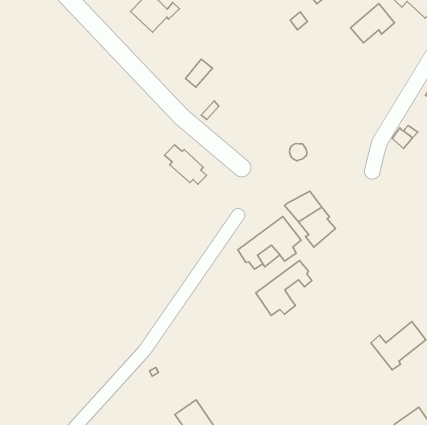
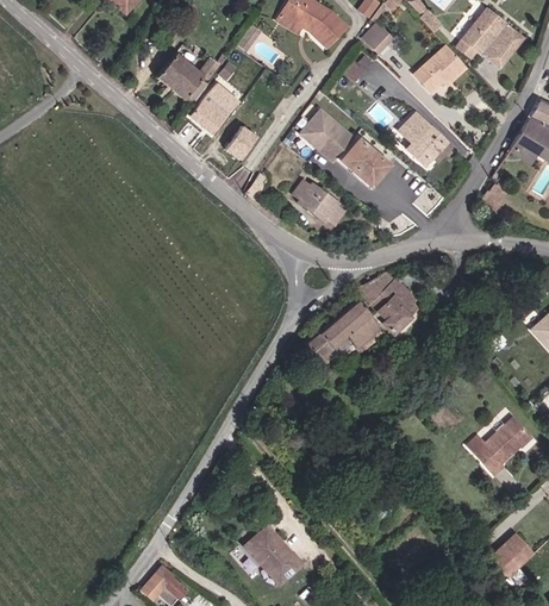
building: none -> [191,85,238,133]
building: none -> [302,111,391,187]
building: none -> [399,114,445,160]
building: [165,145,207,184] -> [292,179,343,223]
building: [256,261,312,315] -> none

